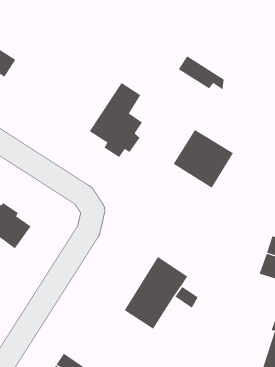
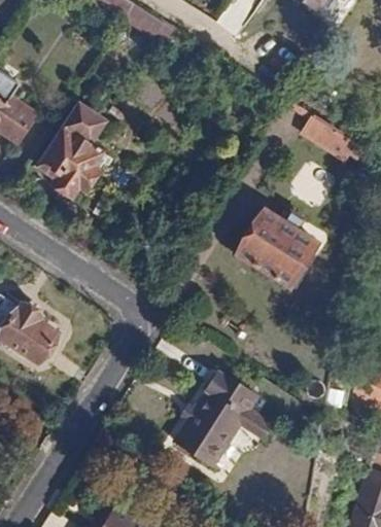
building: [178,56,225,90] -> [303,115,362,160]
building: [89,82,143,158] -> [41,103,110,200]

